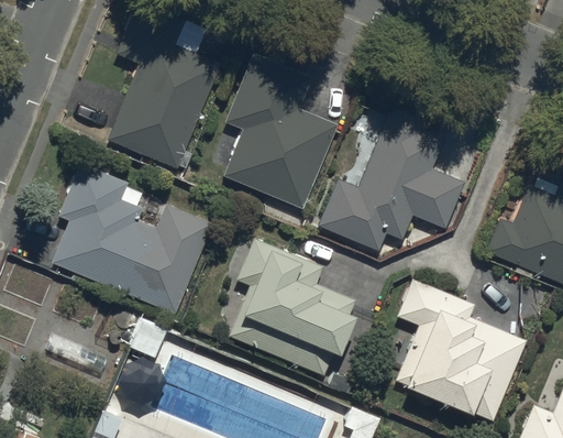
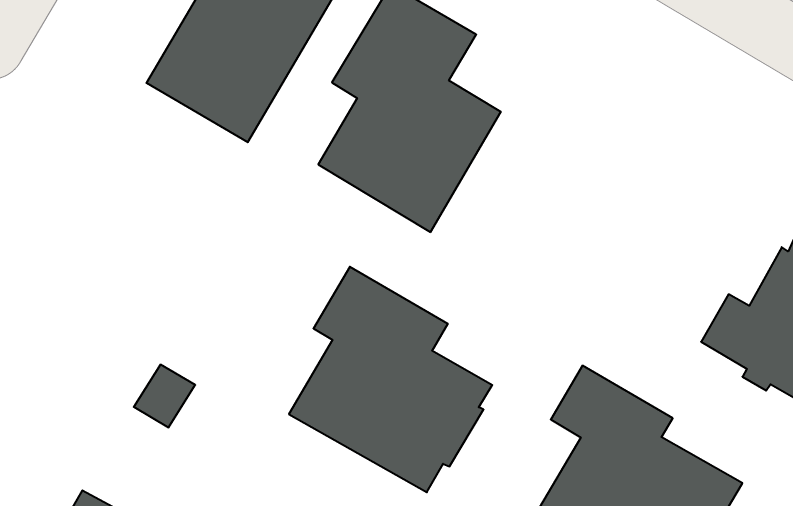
building: [319,100,465,250] -> none
building: [51,162,212,313] -> none

